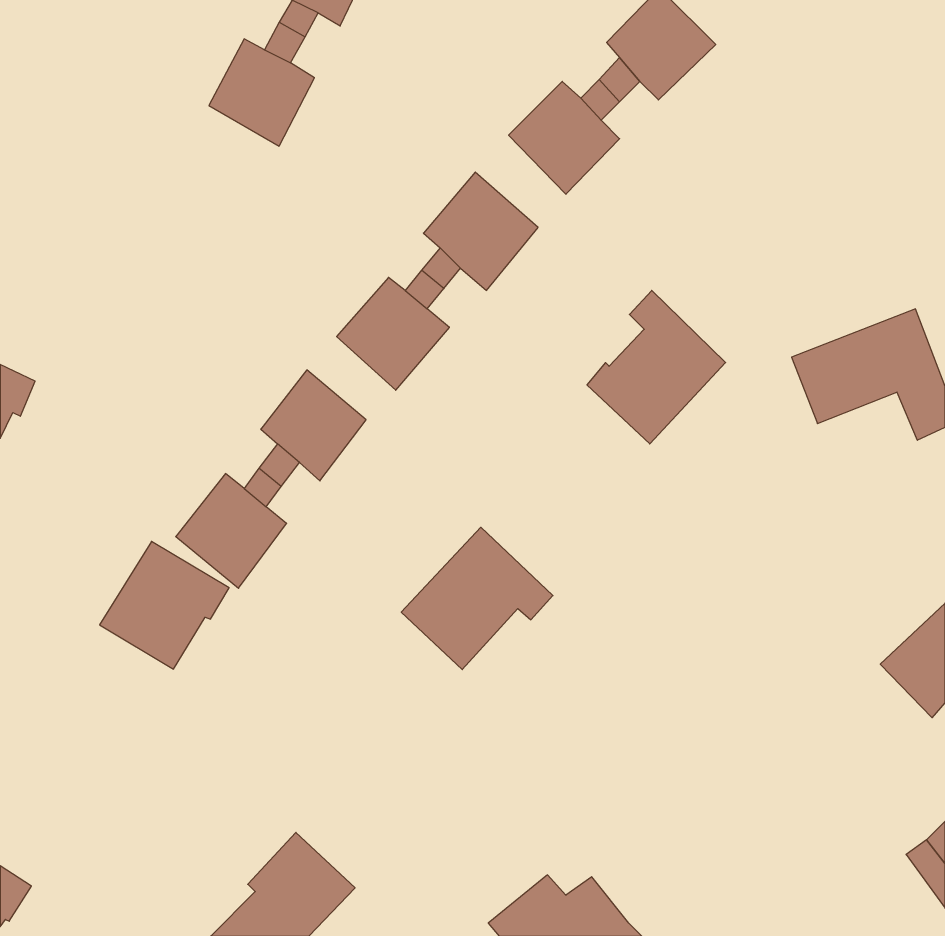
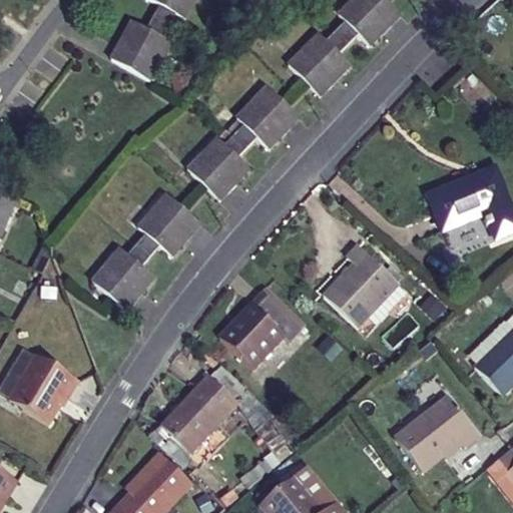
building: [587,290,726,444] -> [324,242,399,326]
building: [100,541,229,669] -> [8,354,78,423]
building: none -> [160,370,236,448]
building: none -> [398,389,482,466]

